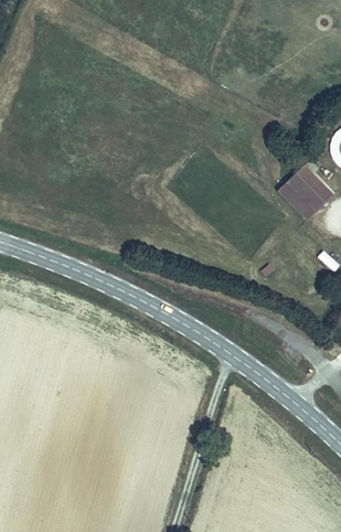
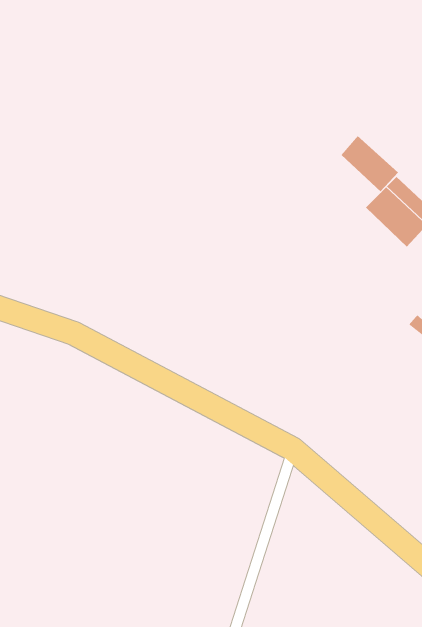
building: none -> [341,135,399,192]

